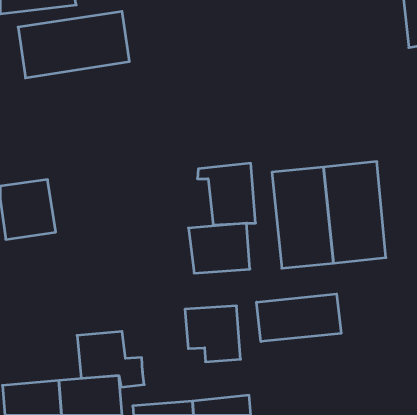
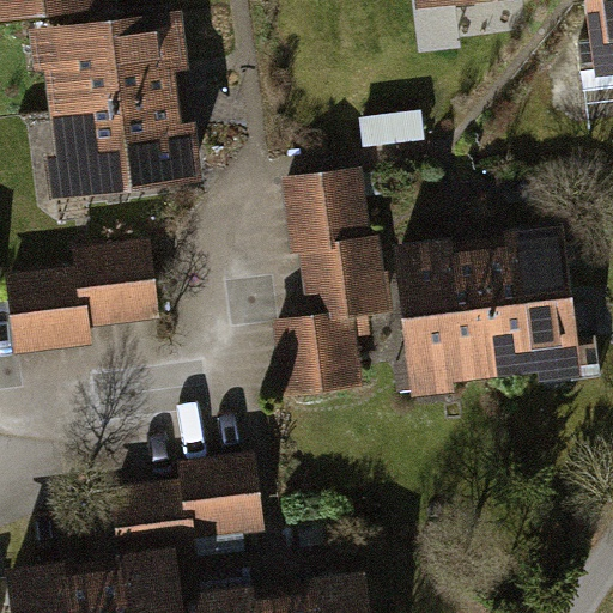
building: none -> [40,90,205,193]
building: none -> [286,177,369,247]
building: none -> [72,242,156,329]
building: [257,294,341,342] -> none
building: [185,306,241,362] -> [181,461,262,542]

